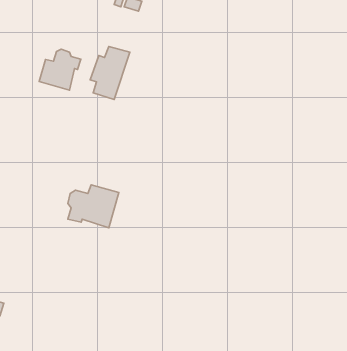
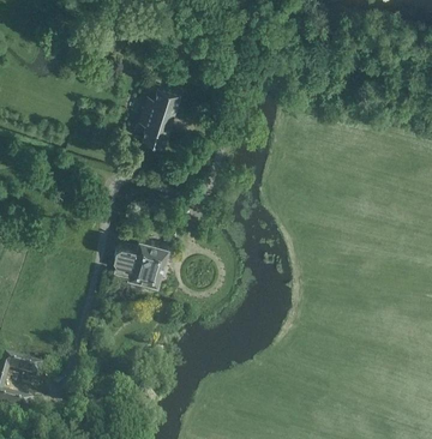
building: [39,49,81,90] -> none

